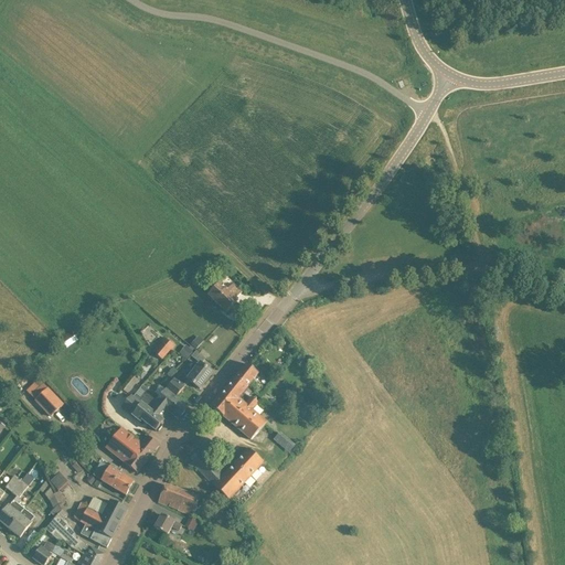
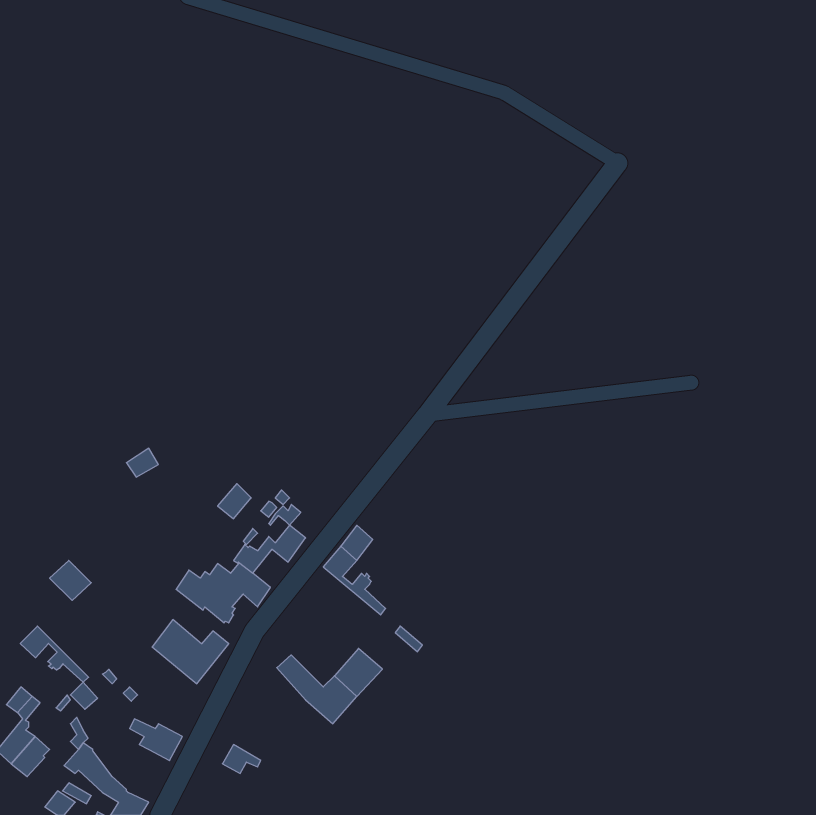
building: [206,280,241,310] -> none
building: [211,391,263,438] -> none
building: none -> [20,626,89,682]
building: [100,461,134,493] -> none
building: [157,483,199,512] -> none
building: [79,502,117,546] -> none

